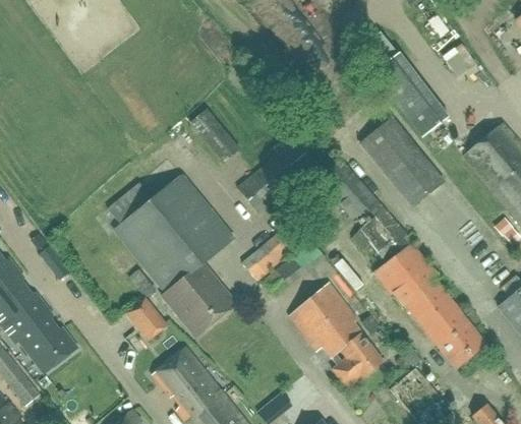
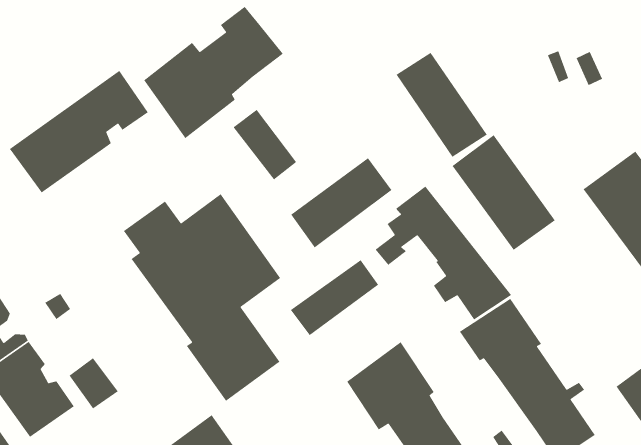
building: none -> [143,6,284,139]
building: [378,57,452,138] -> [396,52,488,158]
building: none -> [9,70,149,194]
building: [127,298,167,339] -> [69,357,119,410]

